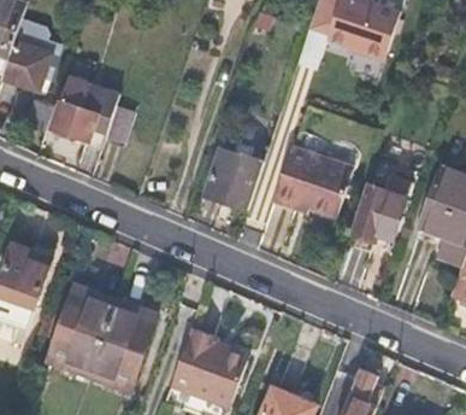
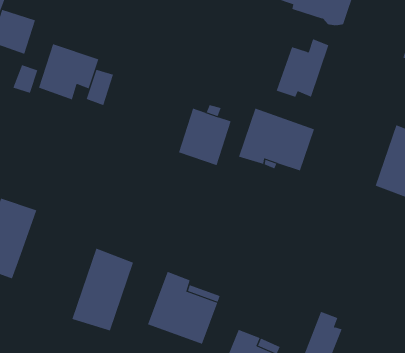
building: [352,174,409,238] -> [276,39,329,97]
building: [49,284,116,375] -> none

